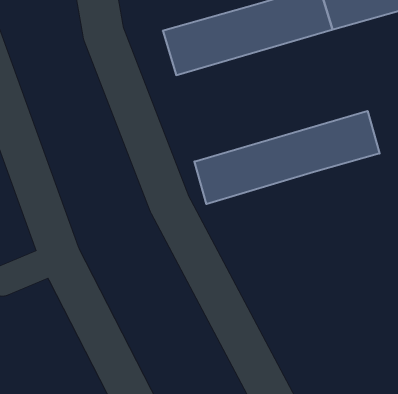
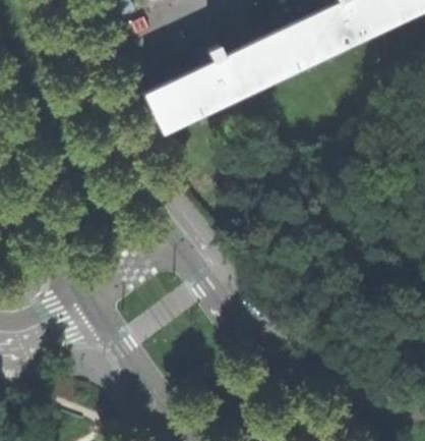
building: [194,111,380,204] -> none

